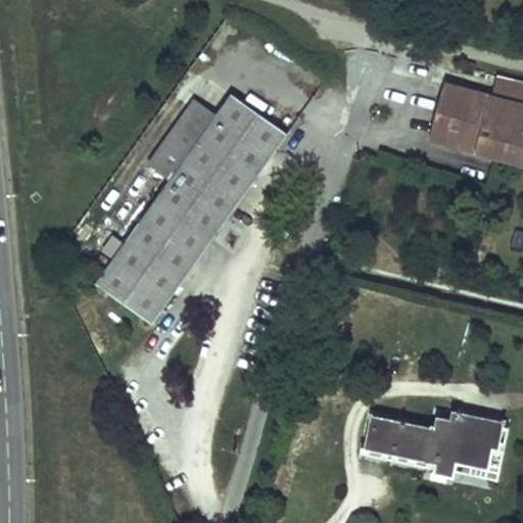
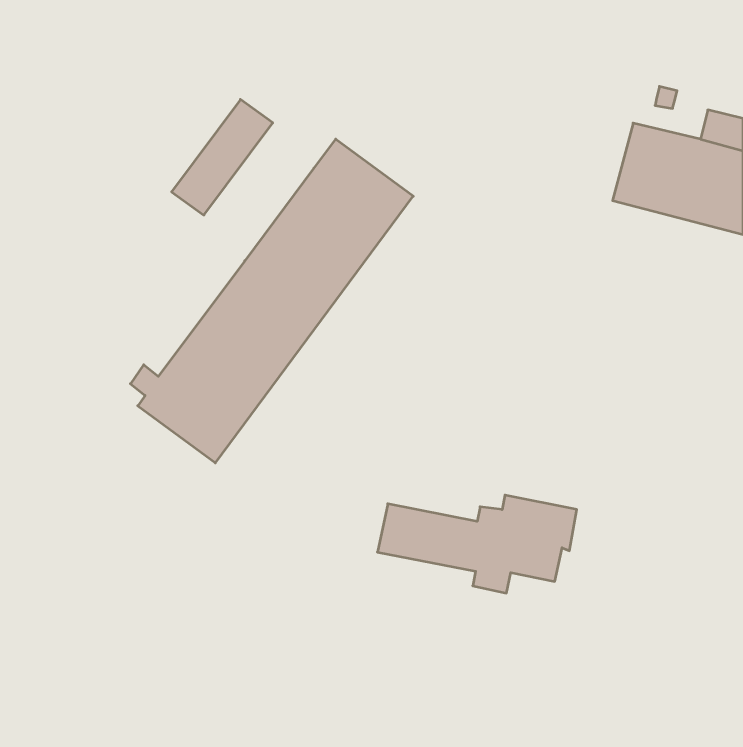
building: [148,101,219,182] -> [172,99,273,215]
building: [363,410,502,478] -> [377,495,577,593]

